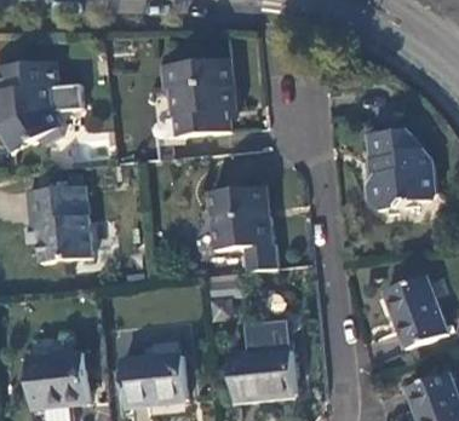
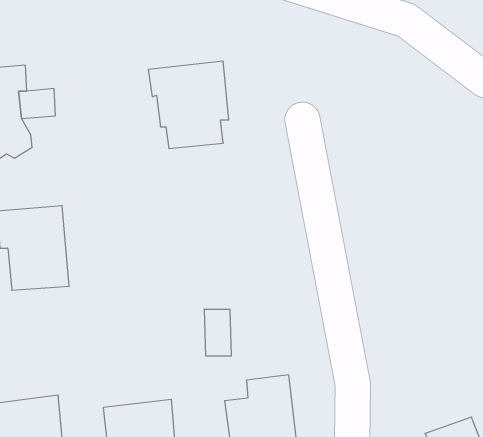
building: [365,127,437,208] -> none
building: [210,185,272,248] -> none
building: [384,277,446,348] -> none

